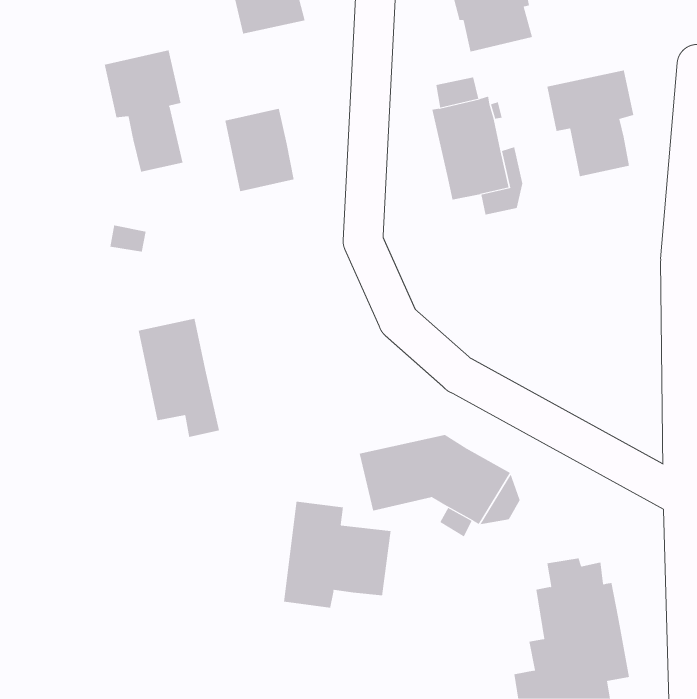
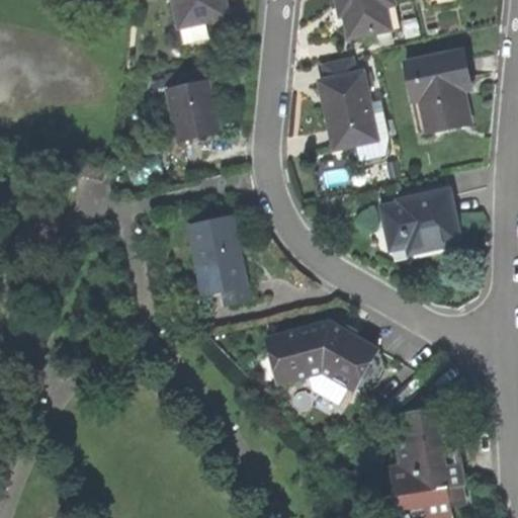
building: [104,50,183,172] -> none
building: none -> [382,190,458,252]
building: [138,318,220,437] -> [188,218,249,306]
building: [283,501,391,608] -> none

